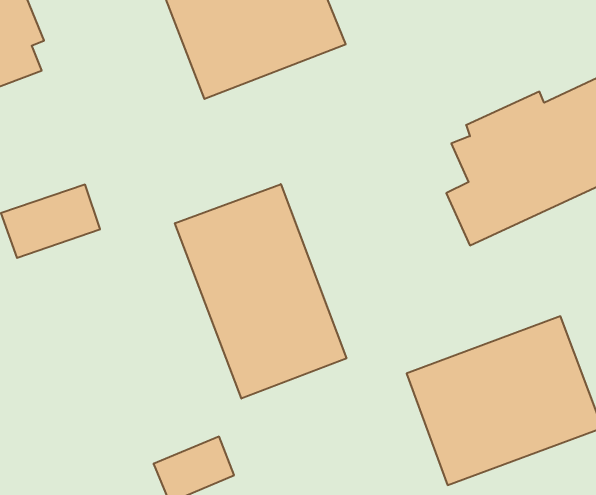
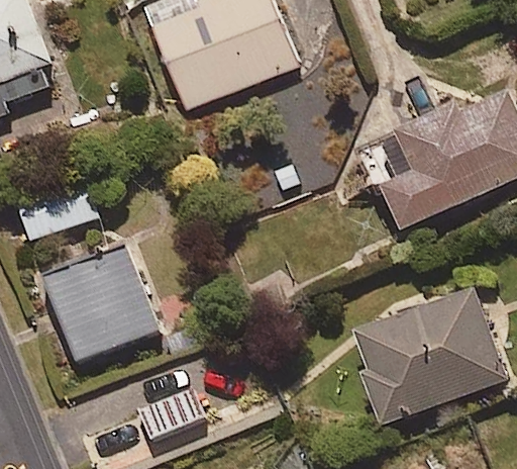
building: [175,184,346,399] -> none
building: none -> [44,250,159,361]

